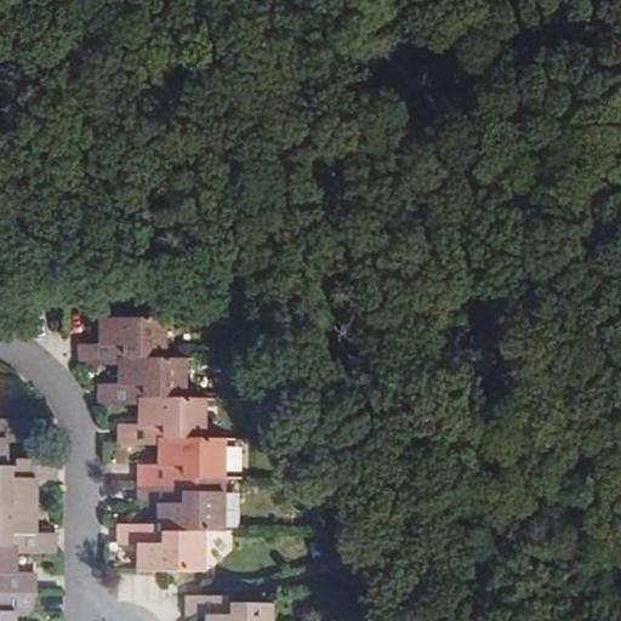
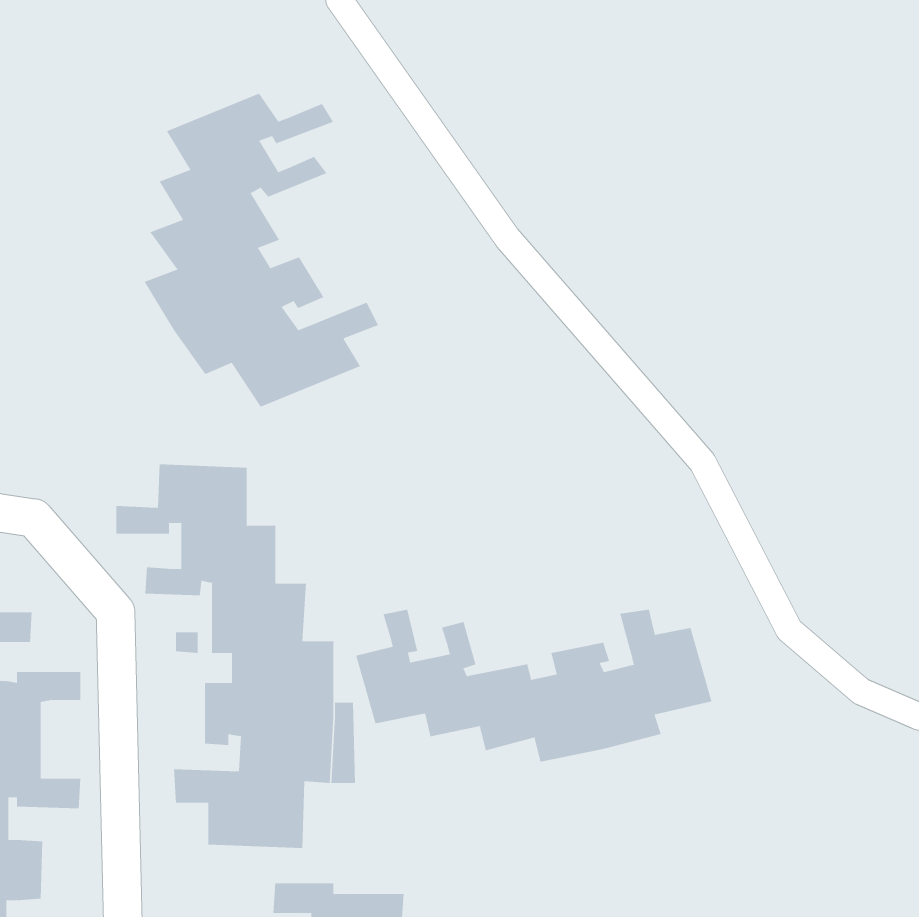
building: none -> [144,93,379,407]
building: none -> [355,609,712,762]

